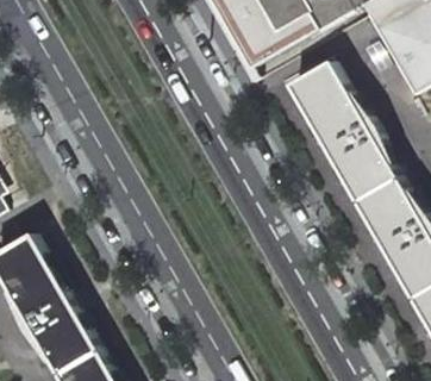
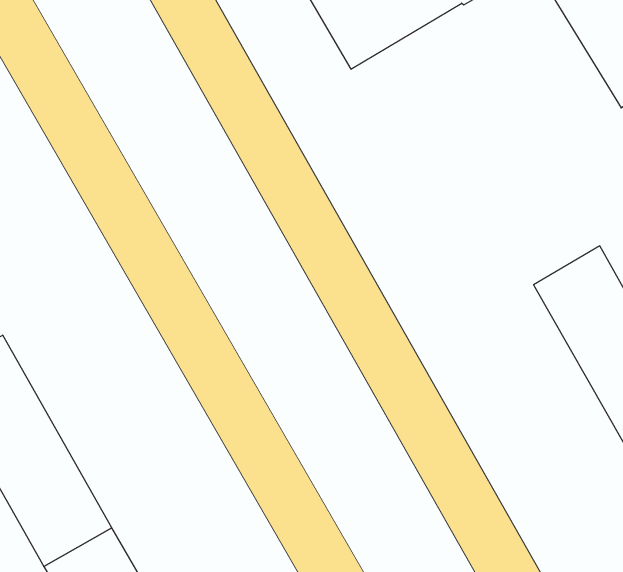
building: [289,60,398,201] -> none

